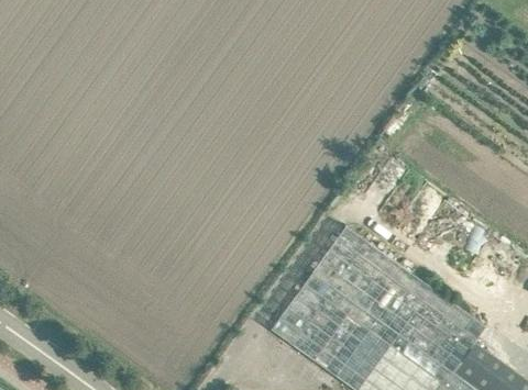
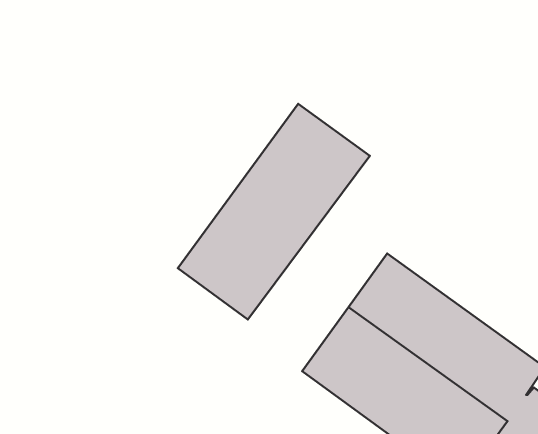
building: none -> [178,104,370,320]

